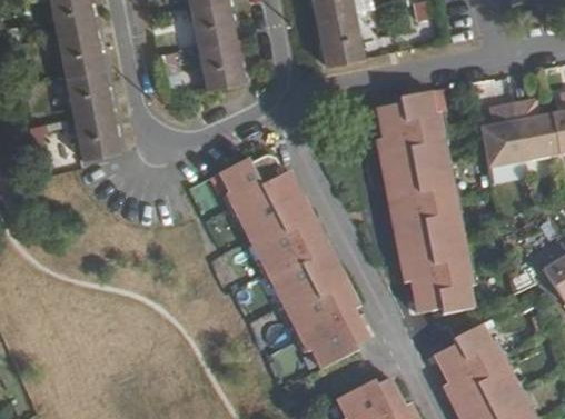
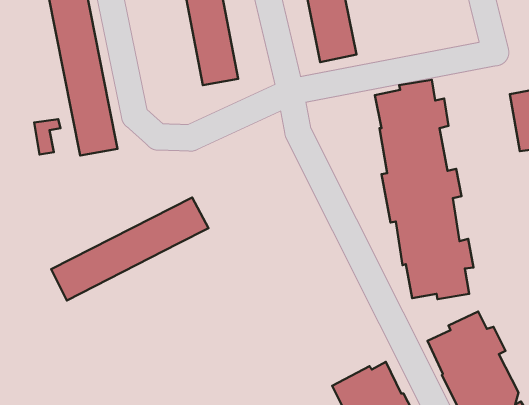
building: [484,101,528,164] -> none
building: [222,148,371,363] -> none
building: none -> [51,198,208,300]

